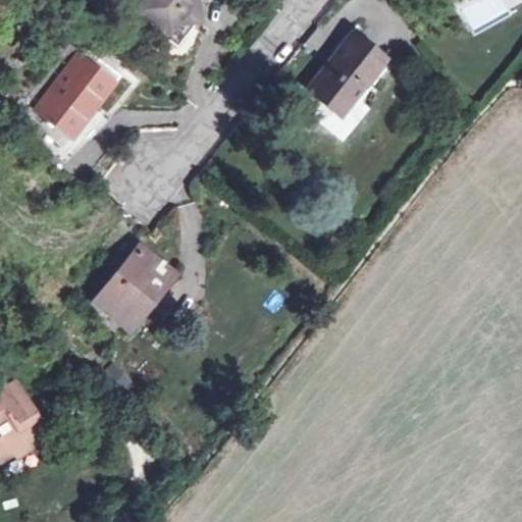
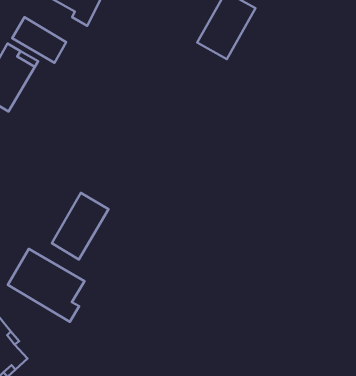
building: none -> [12,17,66,63]
building: none -> [8,249,85,322]

